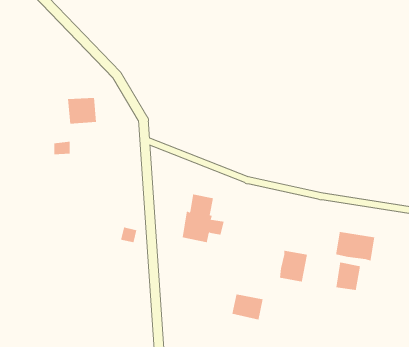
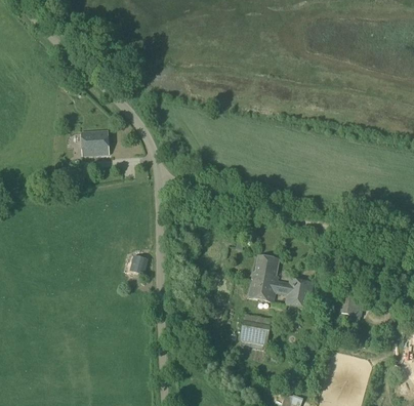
building: [182,194,224,243] -> [249,255,290,302]
building: [336,231,375,261] -> none

